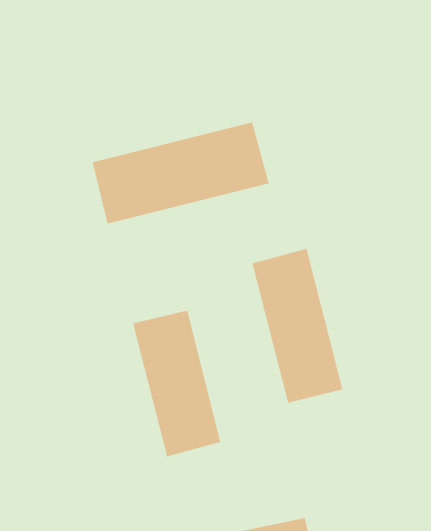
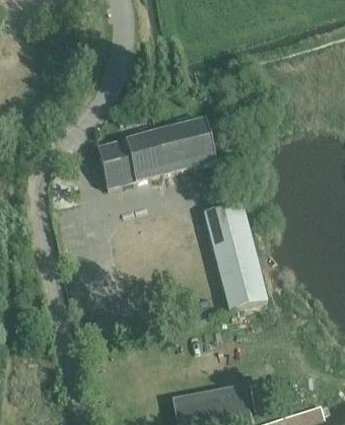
building: [132,310,221,457] -> none

